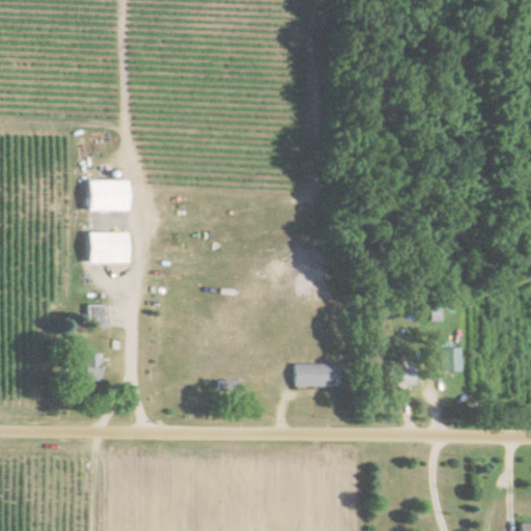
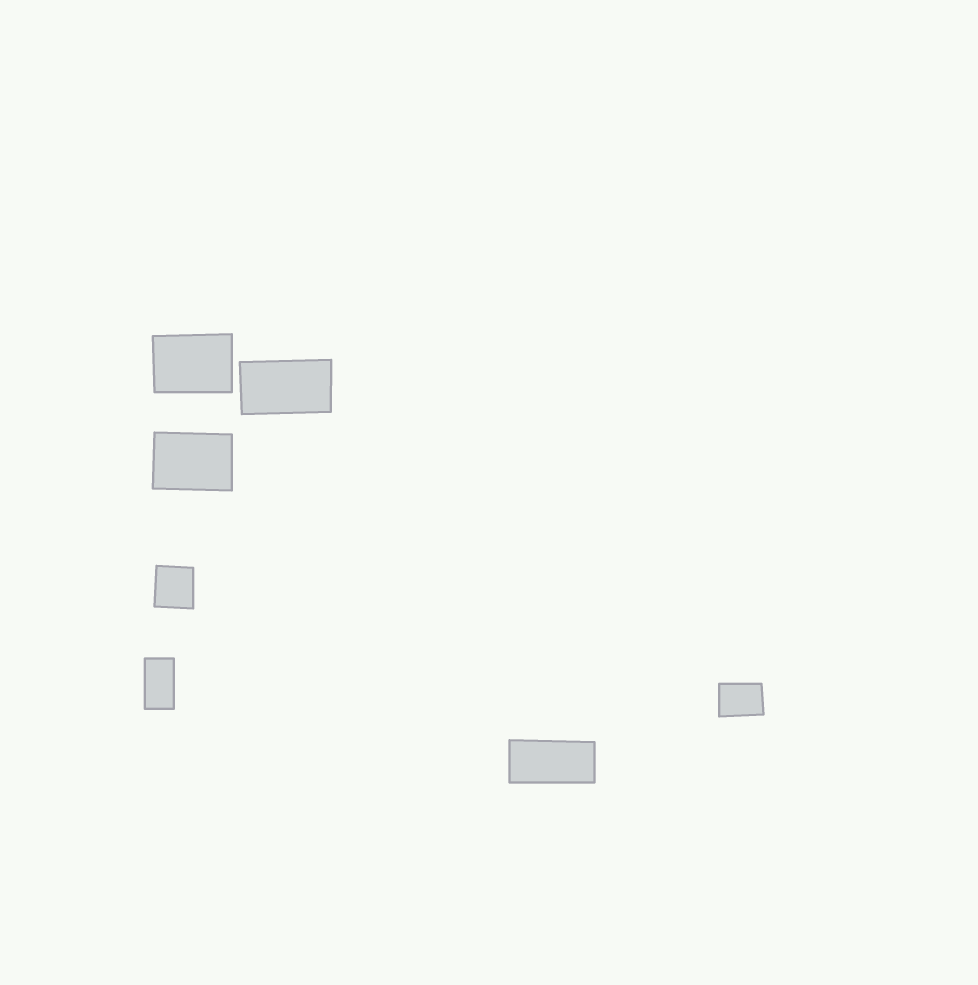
building: none -> [240,360,331,414]
building: [446,347,465,370] -> none
building: [295,363,340,386] -> [509,740,594,783]

